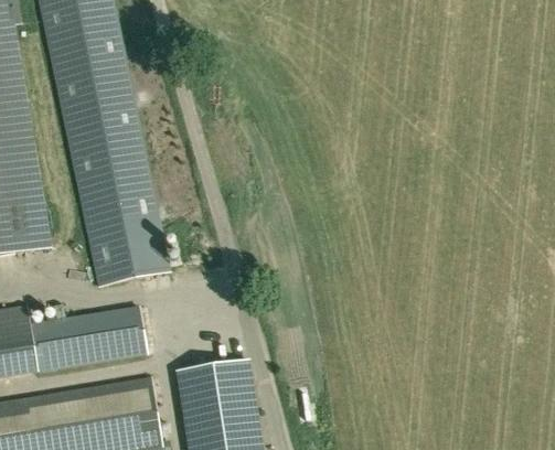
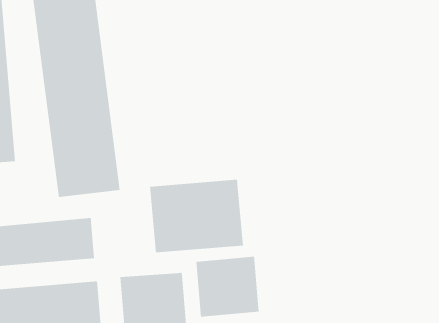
building: none -> [149,179,244,253]
building: none -> [196,256,259,317]

